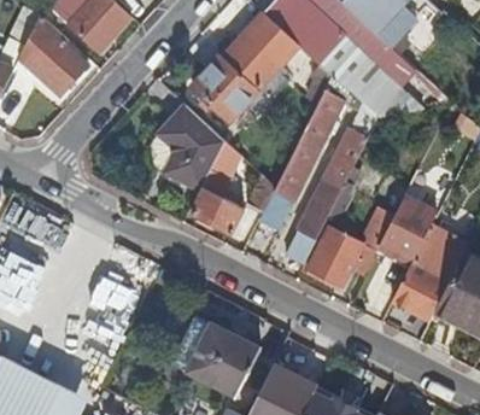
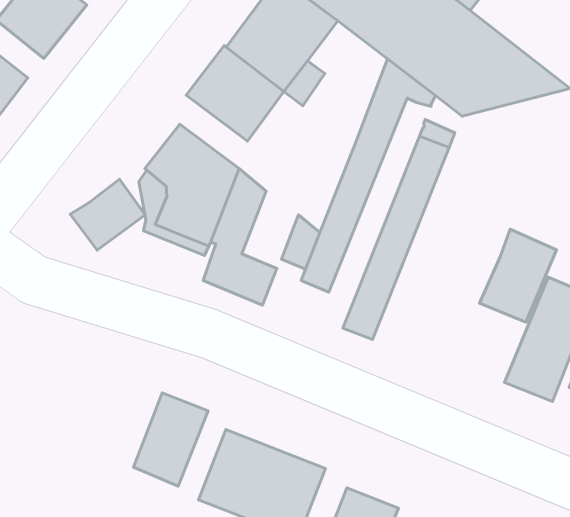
building: none -> [70,179,145,250]
building: [308,205,394,286] -> none
building: none -> [133,393,208,486]

